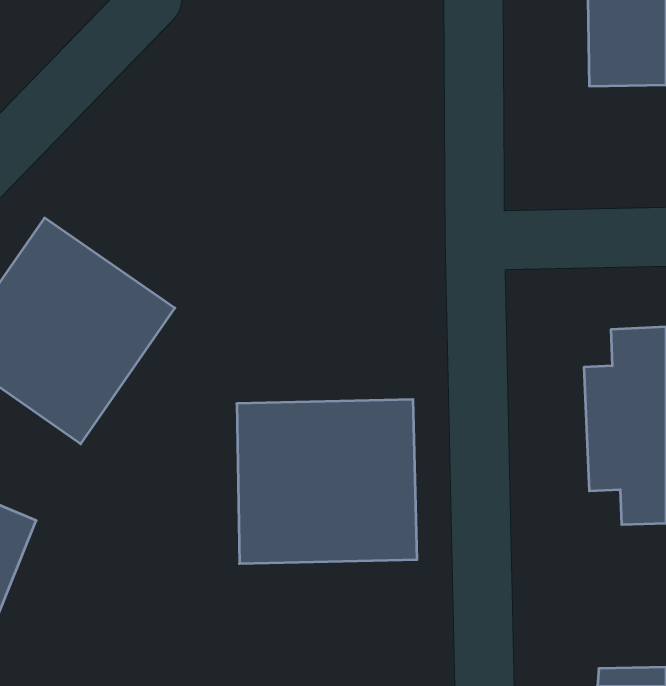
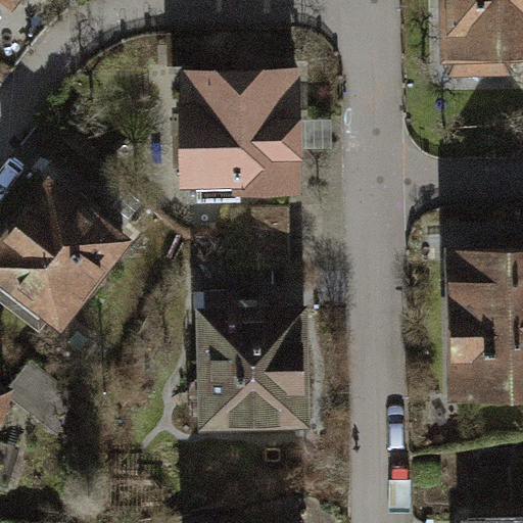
building: none -> [186,70,307,206]

